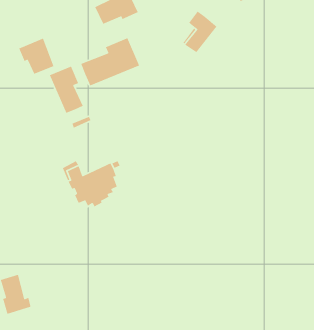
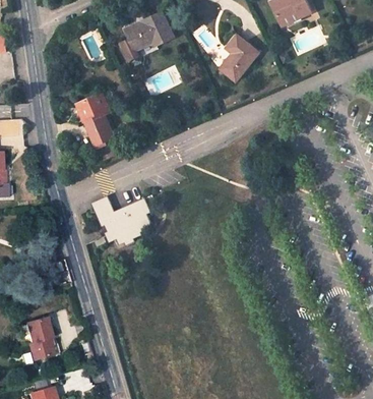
building: [80,37,140,86] -> none
building: [18,37,54,75] -> none

